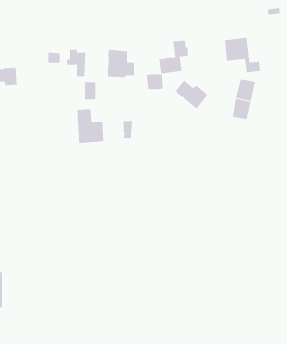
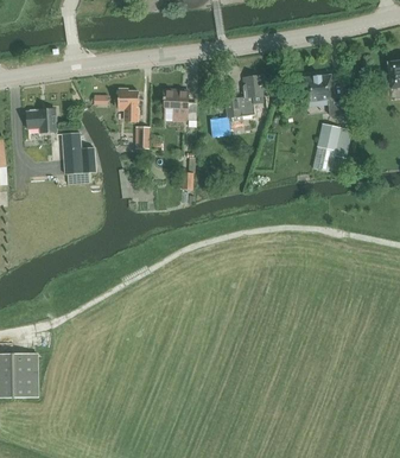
building: [175,80,208,109] -> none
building: [76,109,104,143] -> [63,133,96,174]

